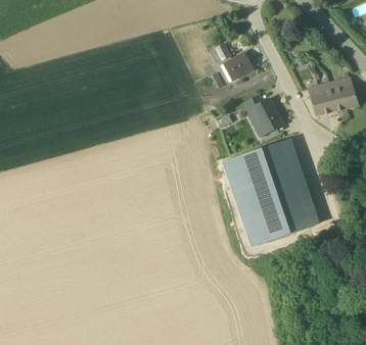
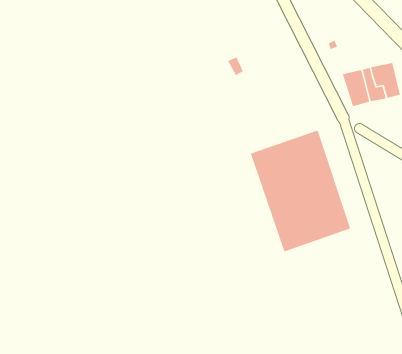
building: [214,43,254,80] -> none
building: [242,95,283,137] -> none

